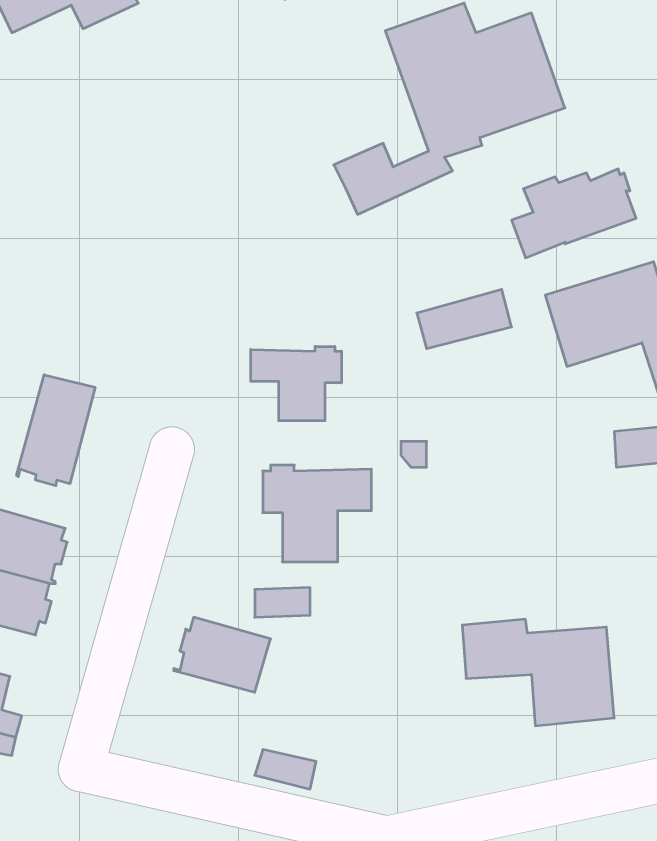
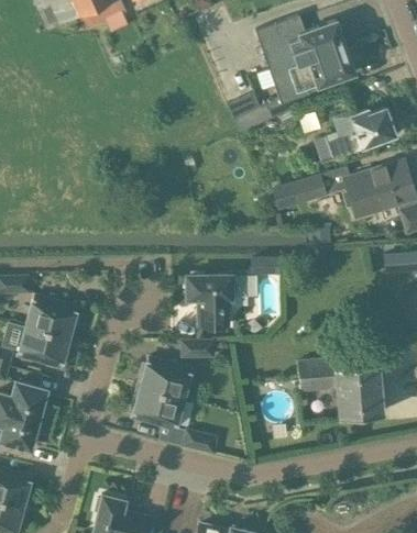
building: [251,346,341,421] -> none
building: [17,375,95,486] -> none
building: none -> [132,387,183,429]

